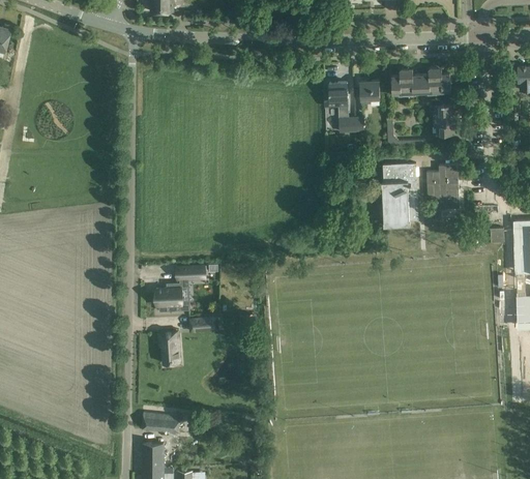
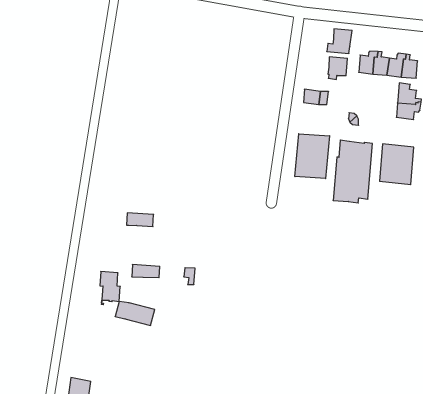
building: [325,82,348,107] -> [327,29,352,53]
building: none -> [295,134,330,179]
building: [156,282,190,311] -> none
building: [142,413,181,432] -> [115,302,155,325]

